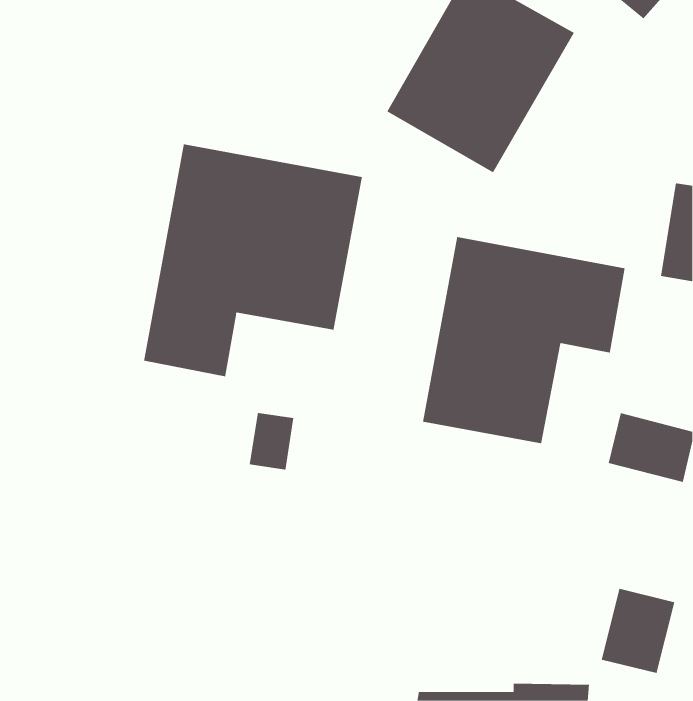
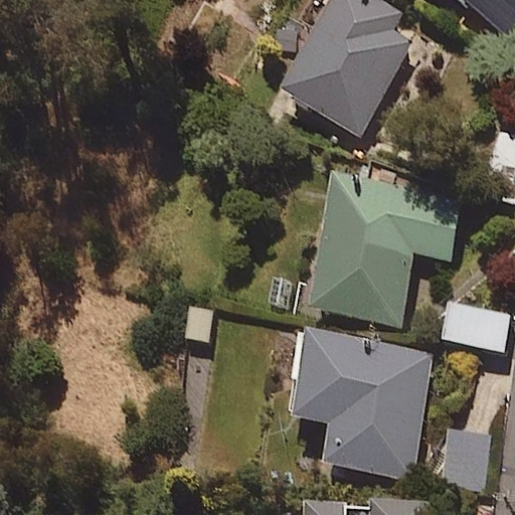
building: [143,144,362,377] -> none
building: none -> [294,334,430,479]

